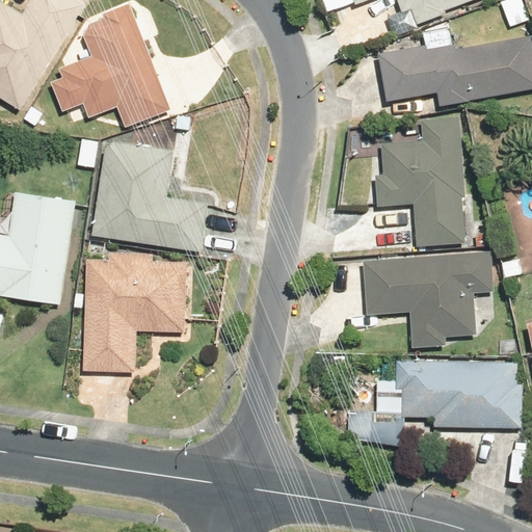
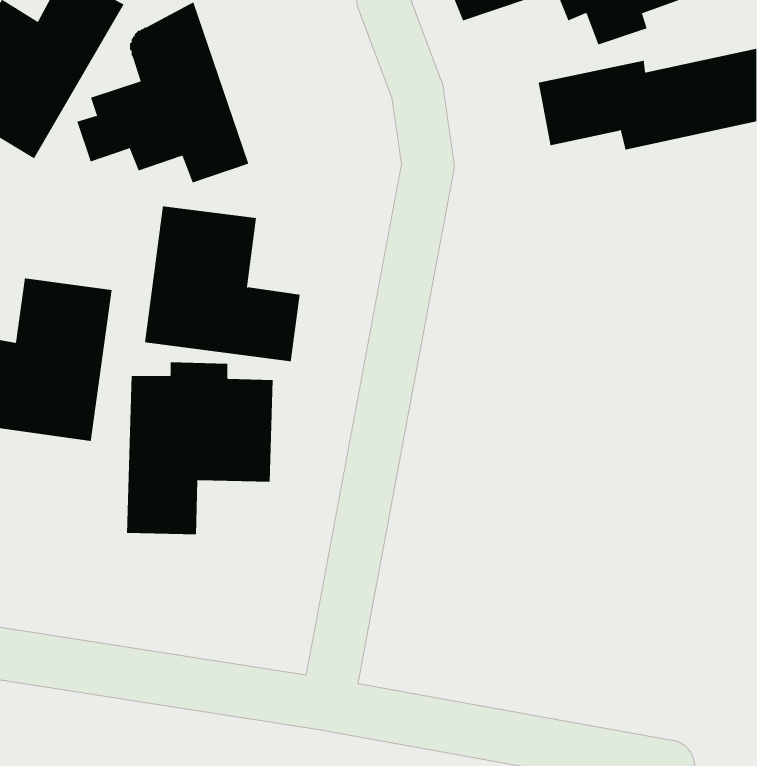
building: [366,117,458,244] -> none
building: [354,250,490,350] -> none
building: [339,357,515,450] -> none

